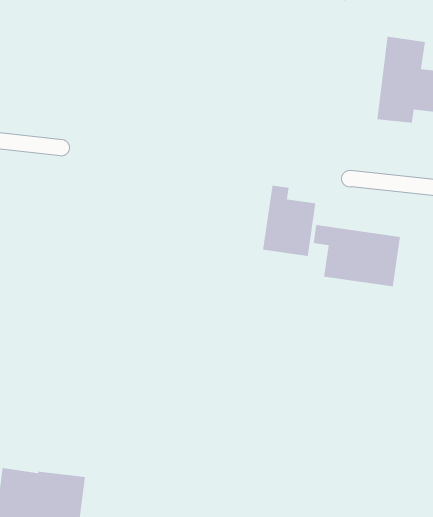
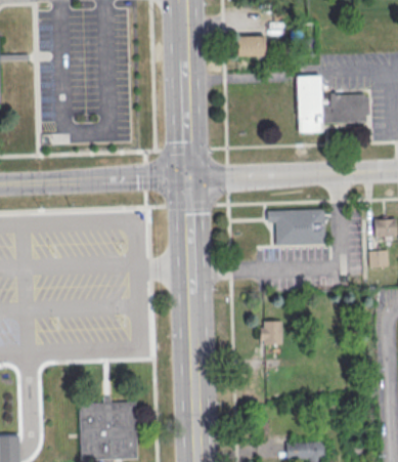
building: [262,185,316,257] -> none
building: none -> [261,321,282,343]

